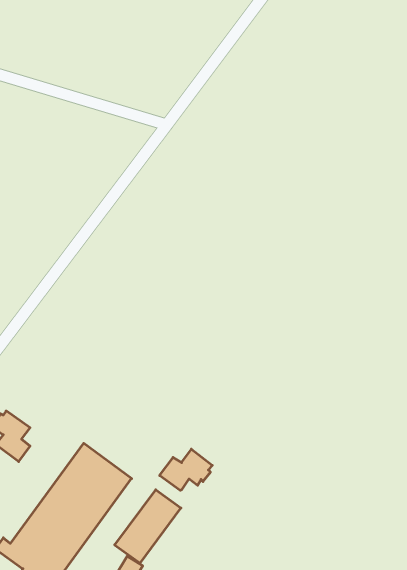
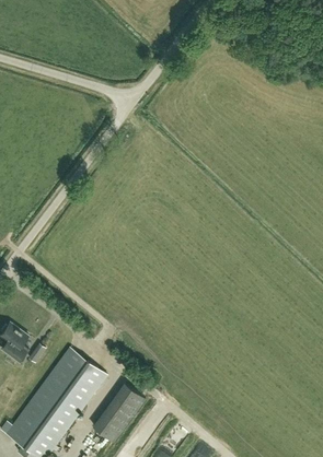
building: [160,449,212,490] -> none

